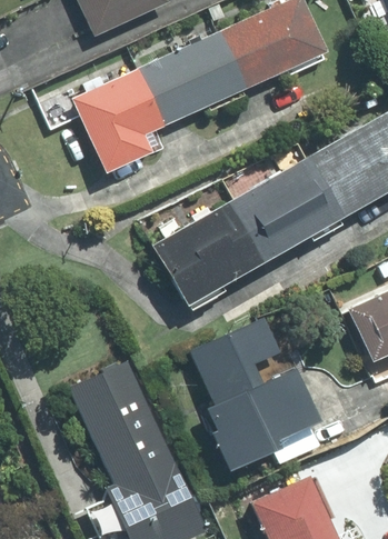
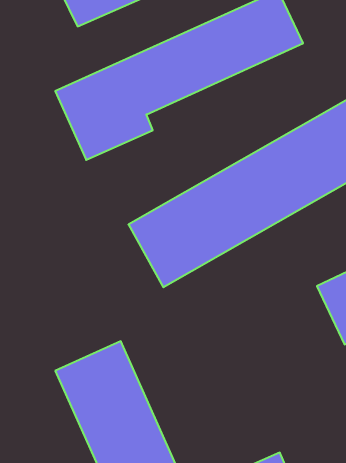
building: [190,329,334,483] -> none

